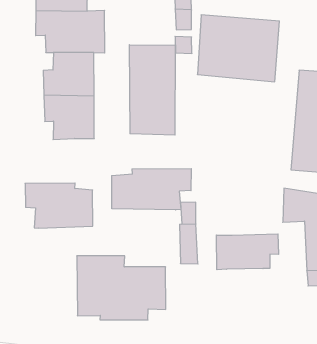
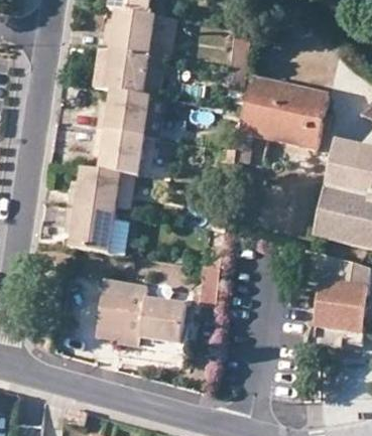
building: [129,45,175,135] -> none
building: none -> [66,166,118,212]
building: [112,169,191,210] -> none
building: [216,234,279,270] -> none

